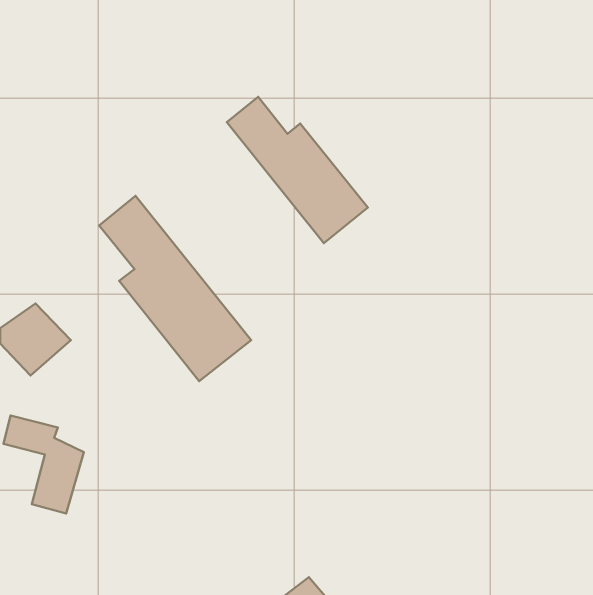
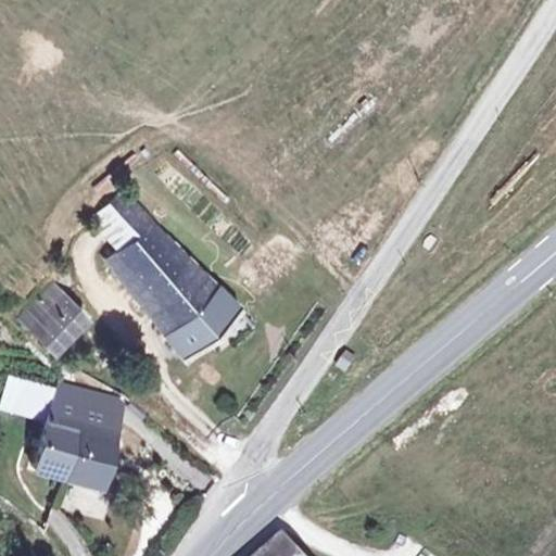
building: [227,97,368,243] -> none
building: none -> [59,388,125,489]

